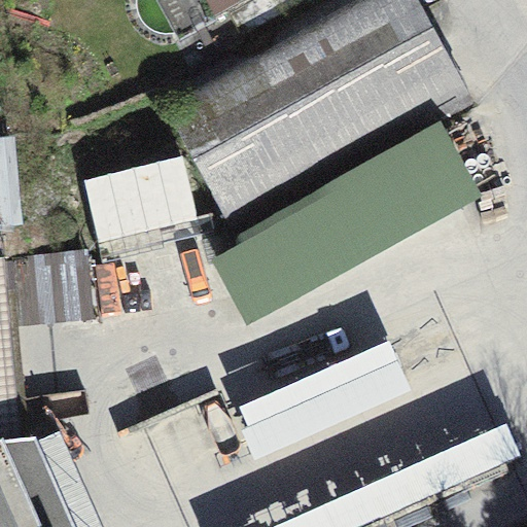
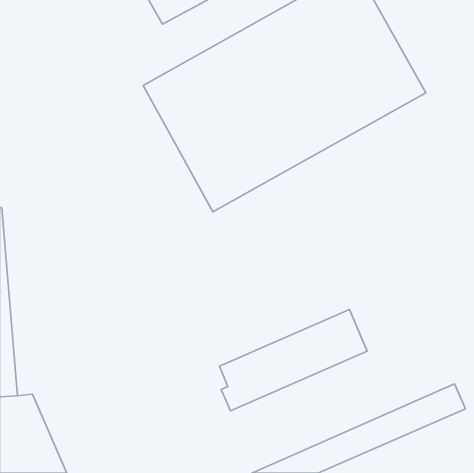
building: [212,134,480,327] -> none
building: [84,151,203,244] -> none
building: [11,253,94,318] -> none

